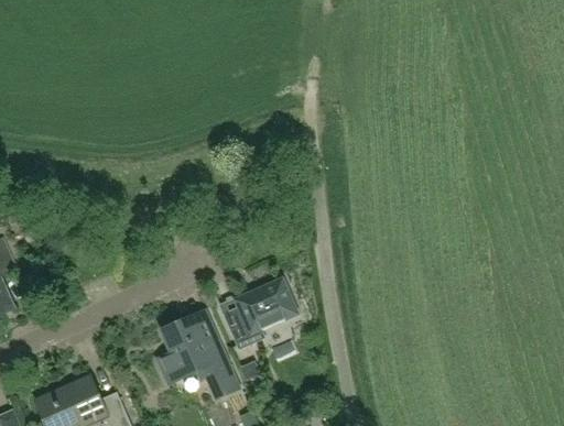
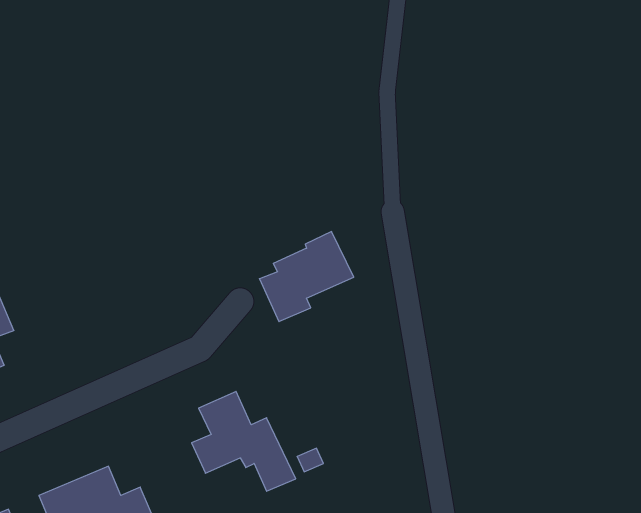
building: [224,275,299,347] -> [259,232,354,322]

